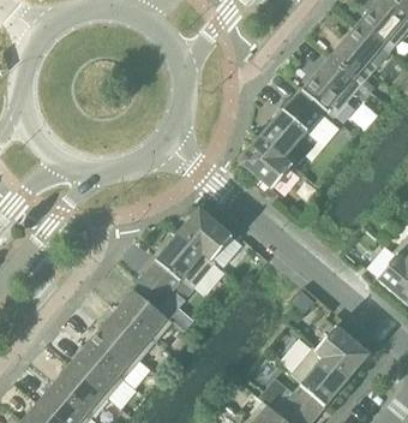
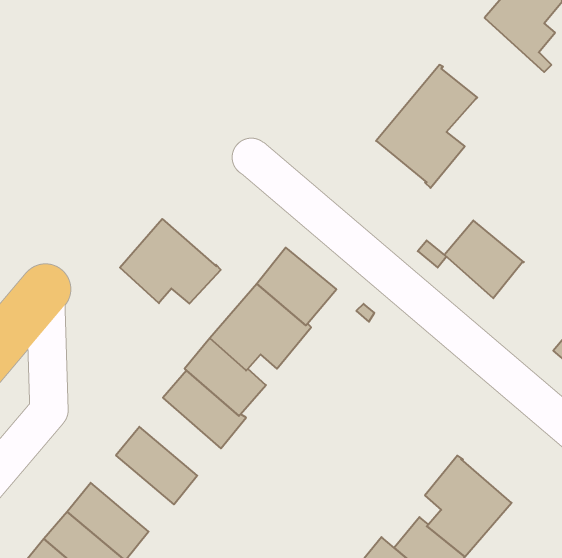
building: [301,55,370,117] -> none
building: [239,137,292,189] -> [444,220,524,298]
building: none -> [120,219,221,304]
building: [101,308,155,359] -> none
building: [314,324,368,377] -> none
building: [68,346,124,397] -> none

